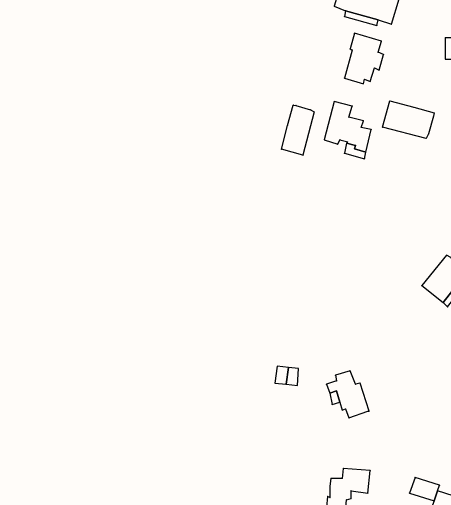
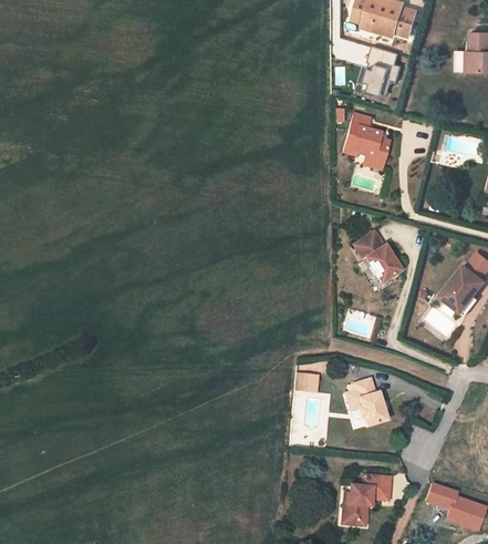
building: [383,101,434,138] -> none
building: [281,105,314,155] -> none
building: none -> [351,233,398,283]

